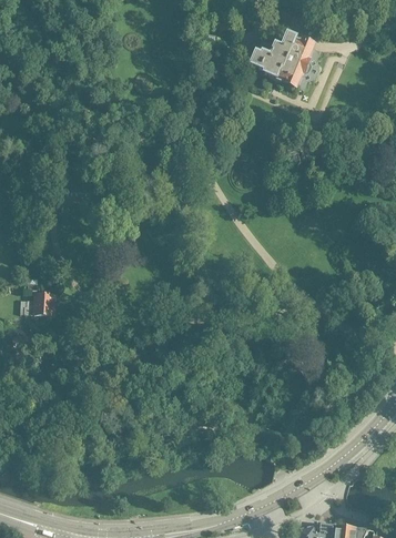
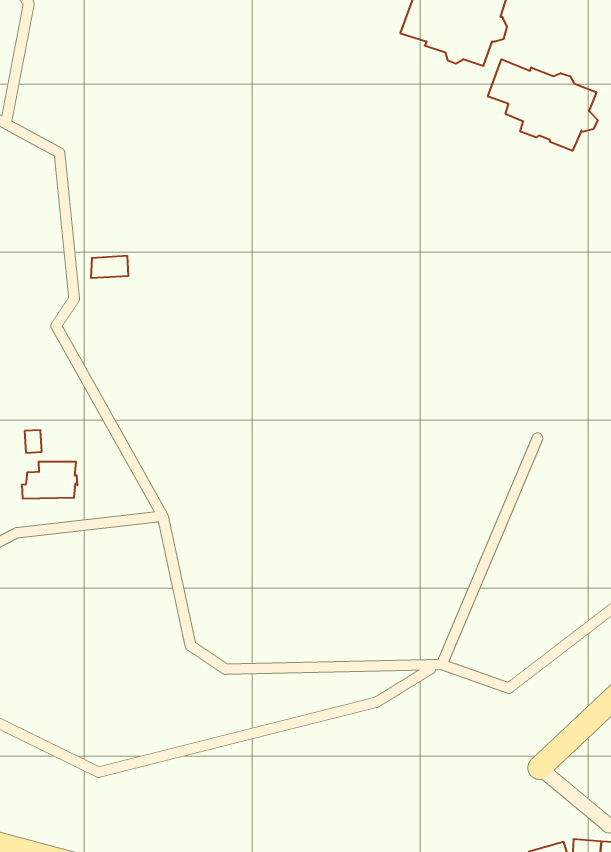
building: none -> [488,59,598,151]

